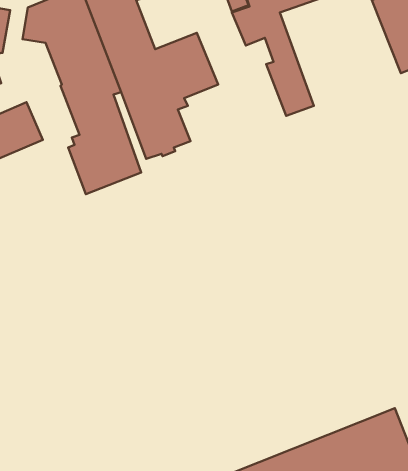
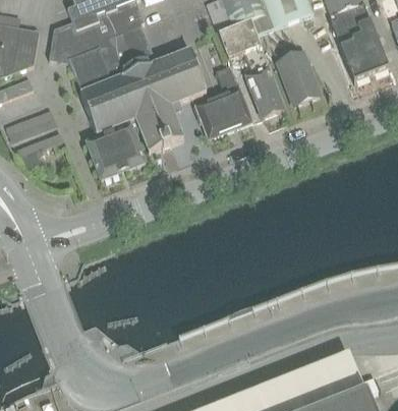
building: none -> [278,54,320,106]
building: none -> [194,67,253,139]

